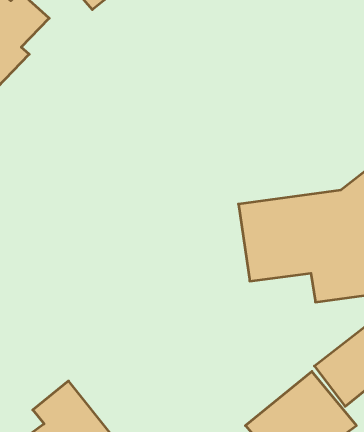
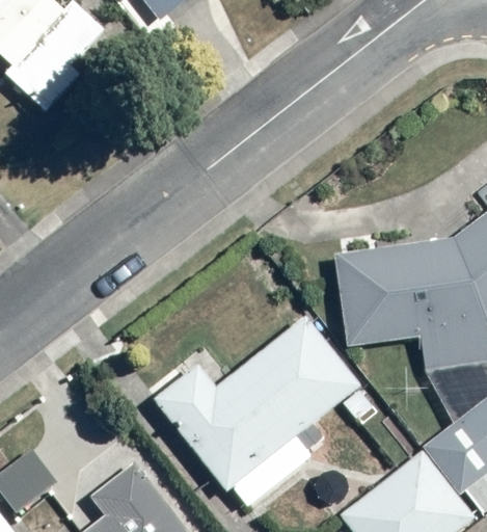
building: none -> [156,316,361,489]

